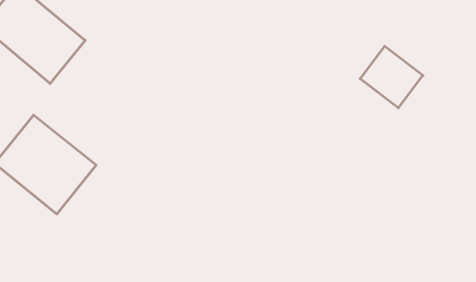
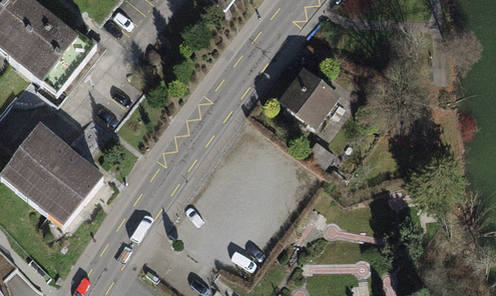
building: [360,46,423,108] -> [279,66,343,129]

